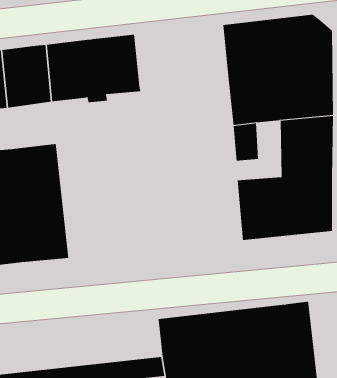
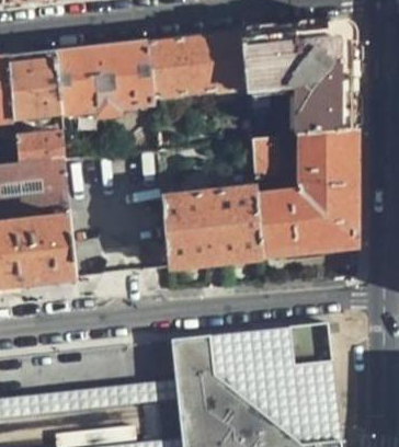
building: none -> [146,32,243,96]
building: none -> [13,134,64,162]
building: none -> [161,188,259,267]

